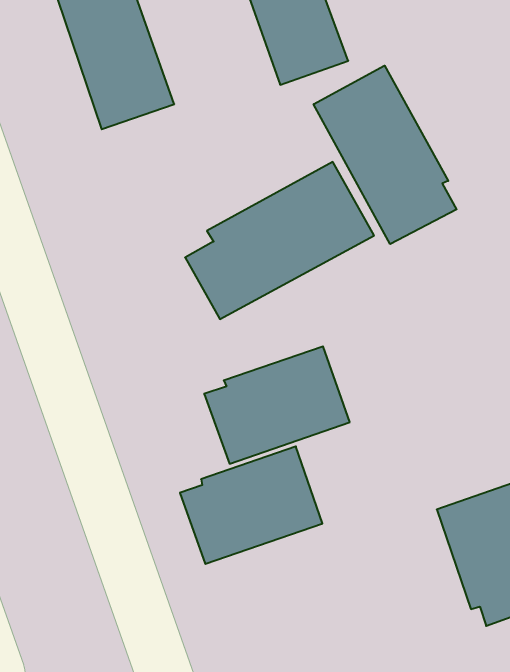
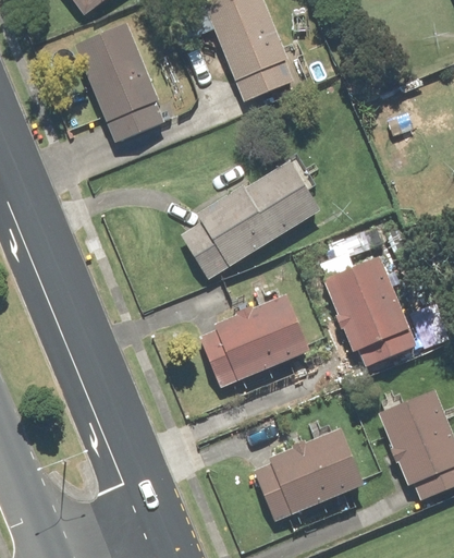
building: [314,66,457,244] -> none
building: none -> [321,254,417,366]
building: [180,446,322,564] -> [255,429,363,521]

